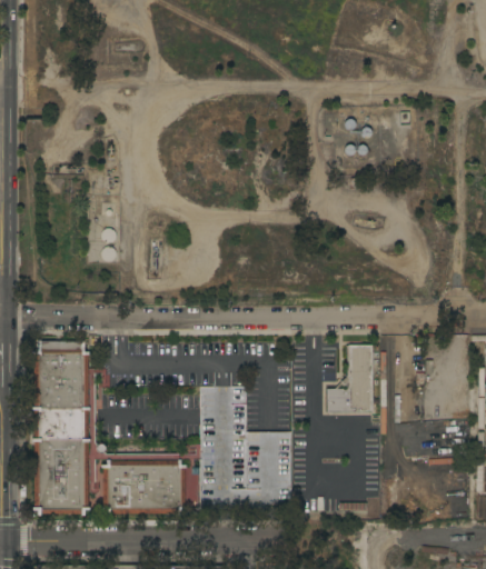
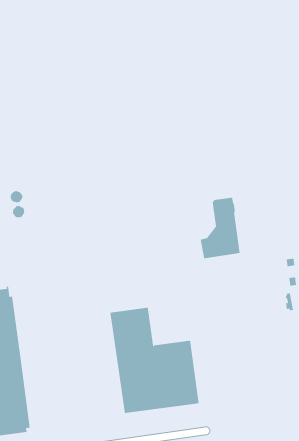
building: [327,343,374,411] -> [200,197,240,259]
building: [103,459,186,512] -> none

